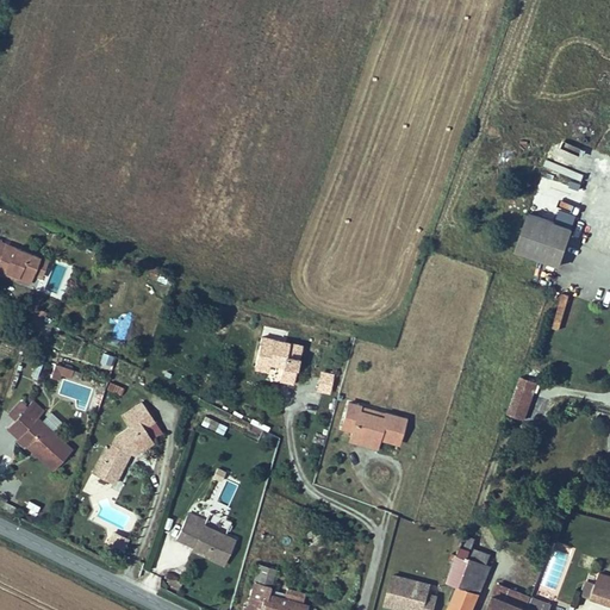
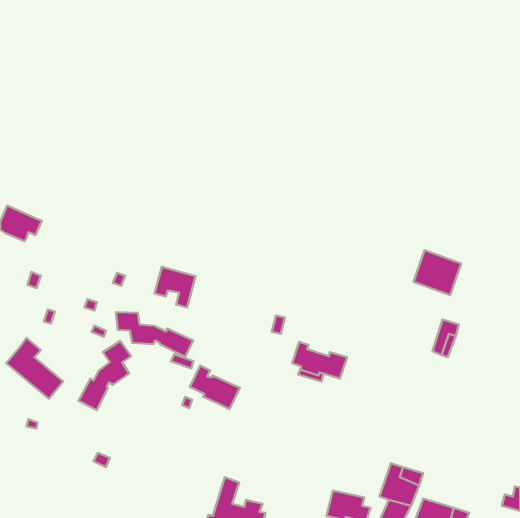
building: [517,216,573,268] -> [413,250,461,295]
building: [254,341,301,388] -> [155,267,195,308]
building: none -> [116,312,193,357]
building: [179,517,237,568] -> [190,365,240,409]

